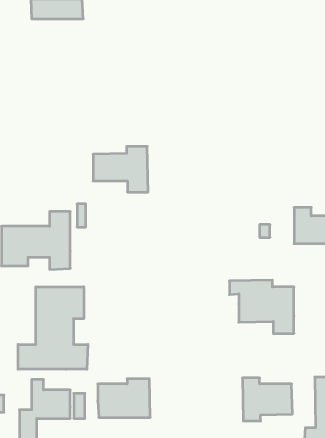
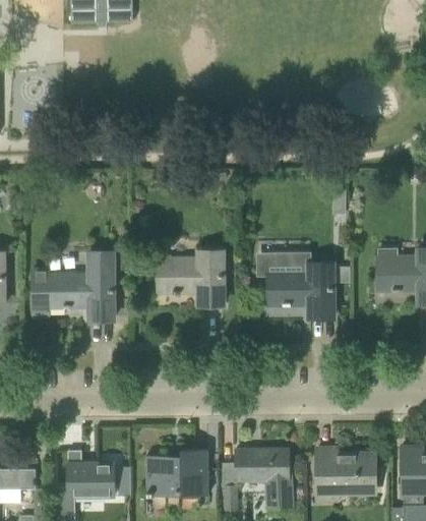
building: [93,146,148,192] -> [158,250,223,304]
building: [229,280,294,333] -> [256,254,332,317]
building: [18,287,88,369] -> none
building: none -> [219,448,291,510]

